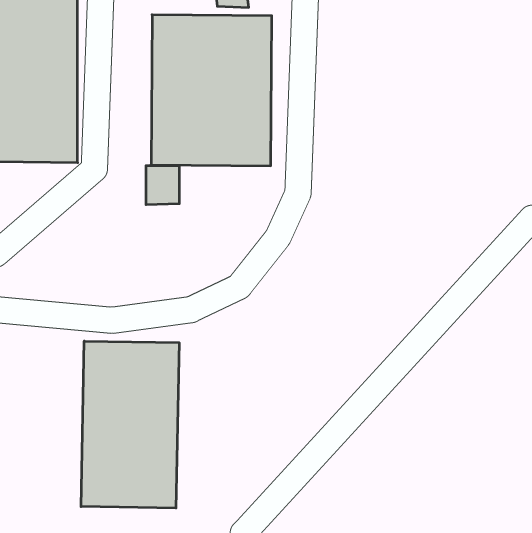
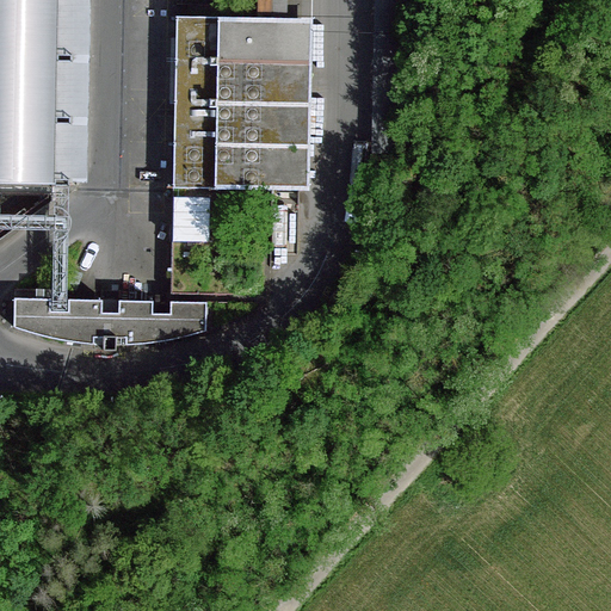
building: none -> [12,297,203,342]
building: [81,341,179,508] -> none

